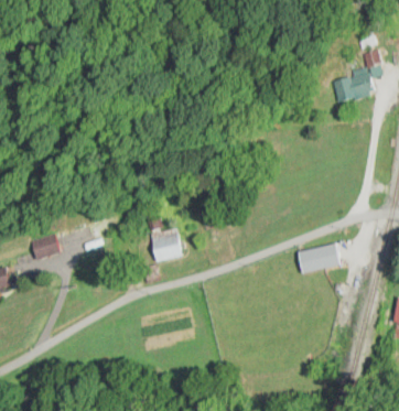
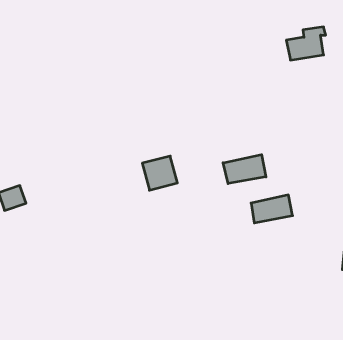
building: none -> [223,155,266,184]
building: [148,226,185,262] -> [142,156,177,190]

